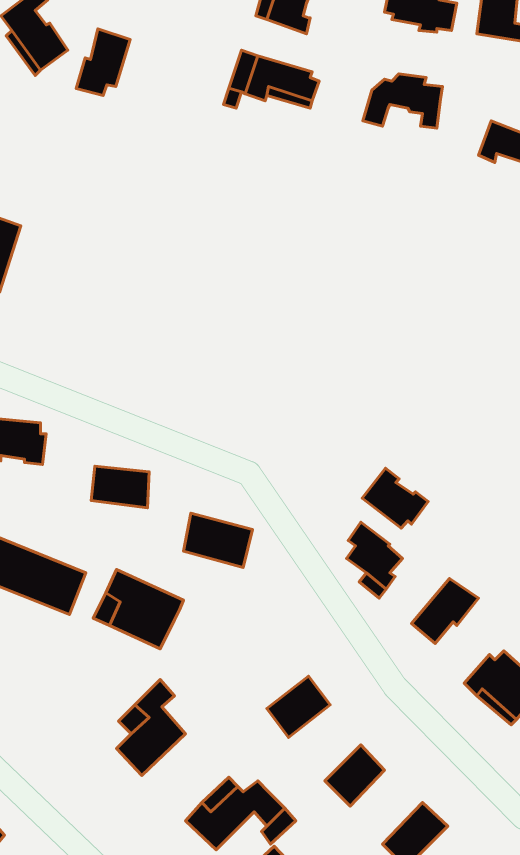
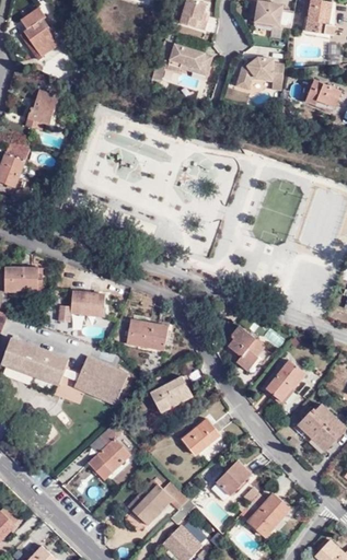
building: [76,29,130,96] -> [25,88,58,128]
building: [362,468,428,528] -> none
building: none -> [150,378,192,411]

